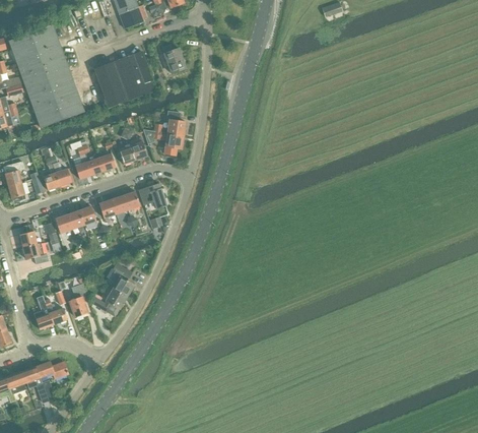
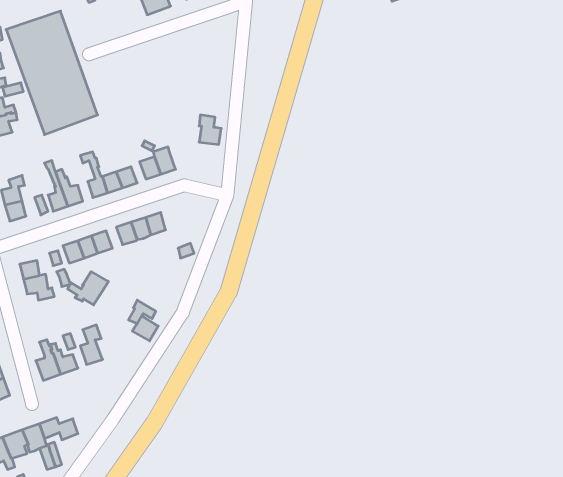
building: [161,45,186,74] -> none
building: [93,52,155,108] -> none
building: [142,129,183,156] -> none
building: [138,183,166,208] -> none
building: [92,289,126,316] -> [68,272,108,305]

